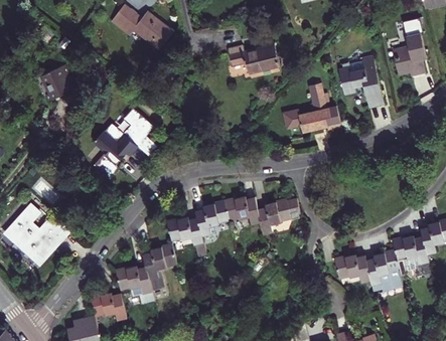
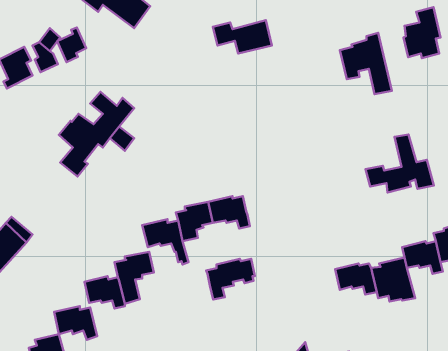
building: none -> [57,27,86,62]
building: [283,83,342,134] -> [366,134,434,192]
building: [257,200,299,235] -> [206,259,255,299]

